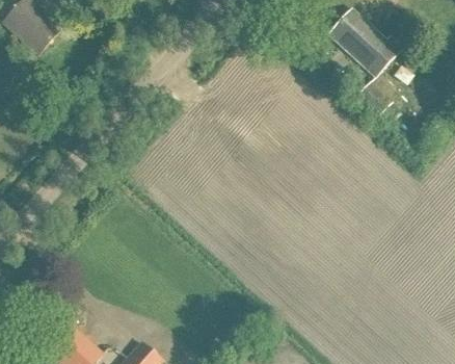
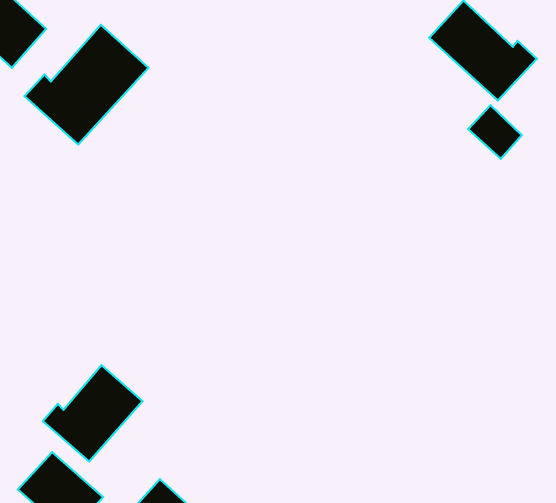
building: none -> [25,25,148,145]
building: none -> [43,365,142,462]

